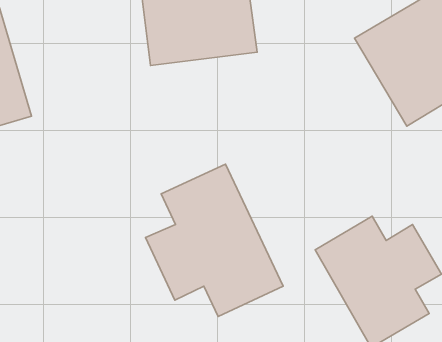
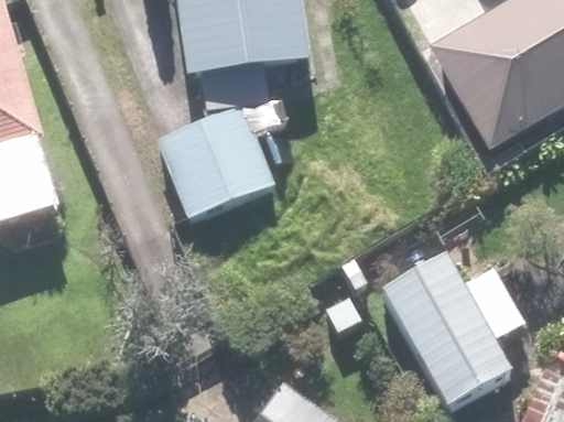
building: none -> [152,101,281,225]
building: [146,164,283,317] -> none

